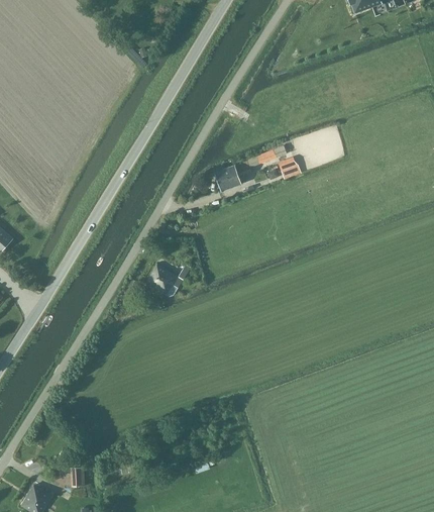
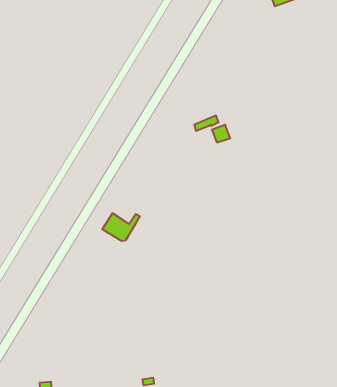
building: [213,160,250,191] -> none

